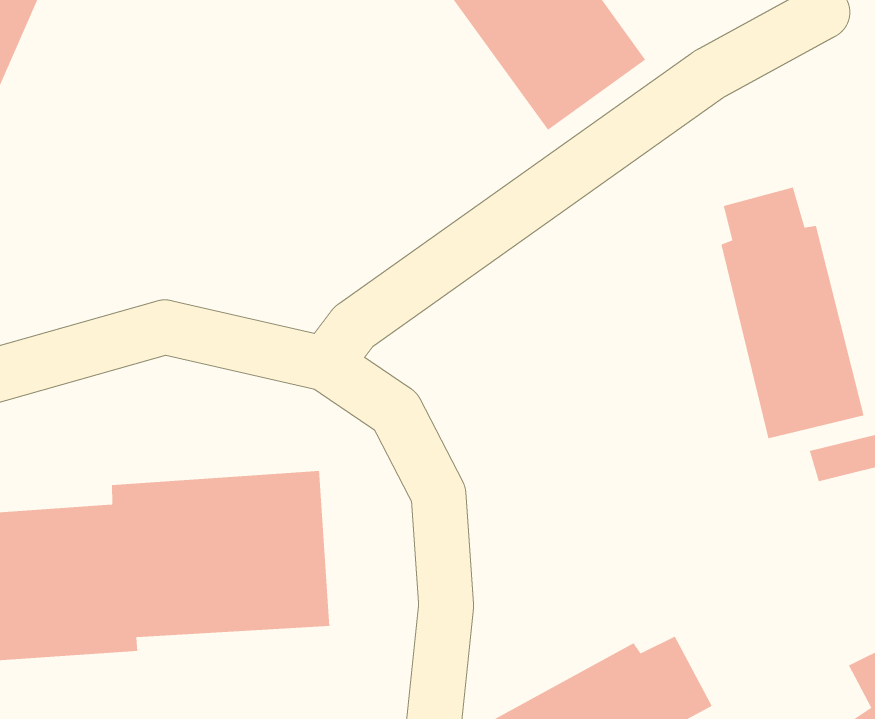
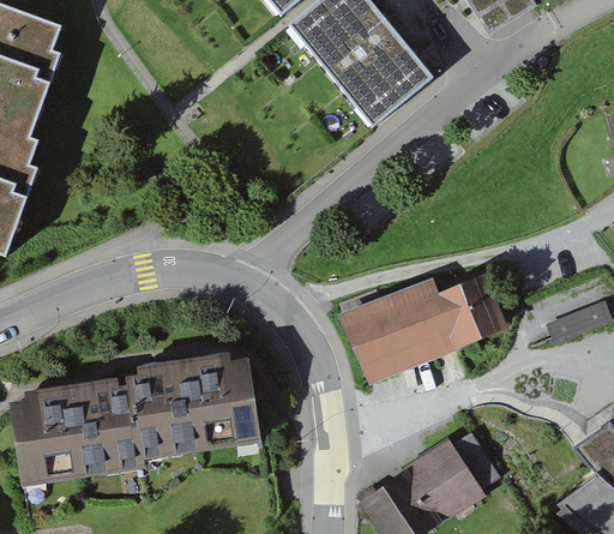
building: [720,187,865,439] -> none
building: none -> [339,275,507,384]

